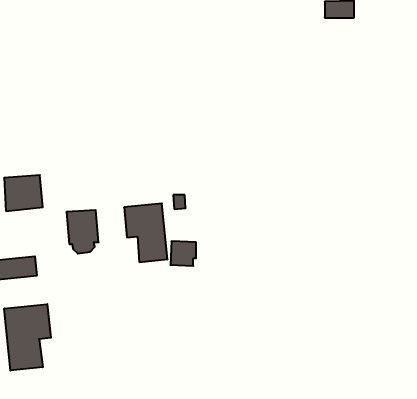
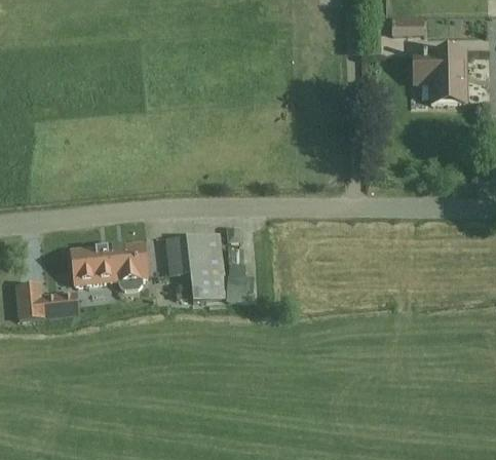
building: none -> [412,50,464,103]
building: [4,175,43,211] -> [72,244,114,283]
building: [4,304,51,371] -> none

